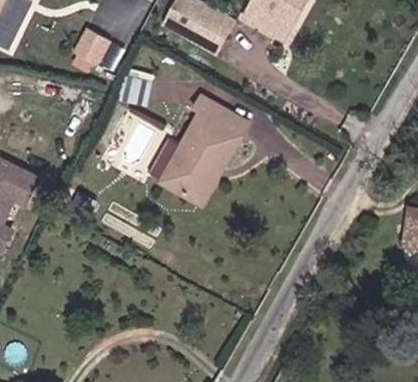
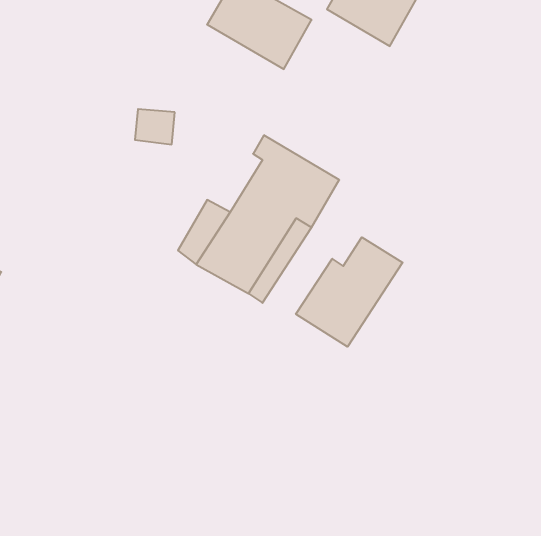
building: [72,25,110,63] -> none
building: none -> [296,237,403,347]

